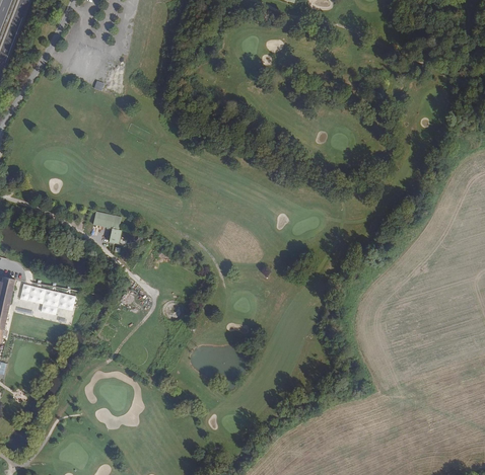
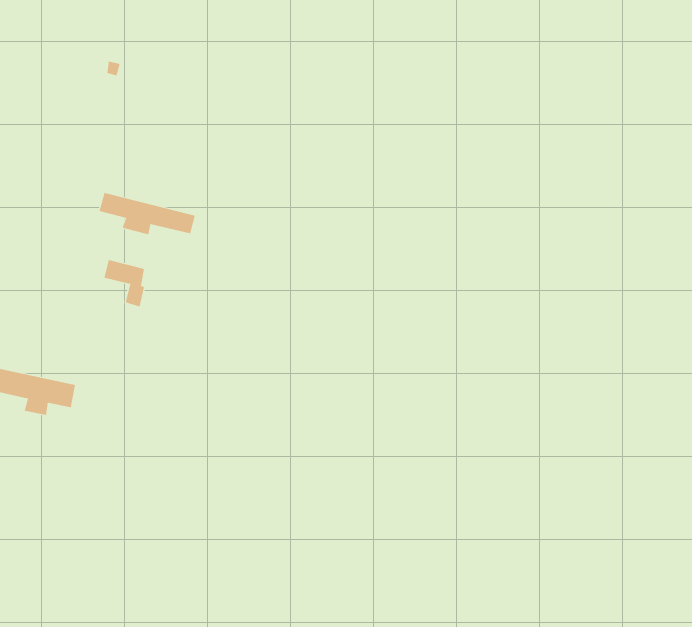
building: none -> [99,192,196,235]

